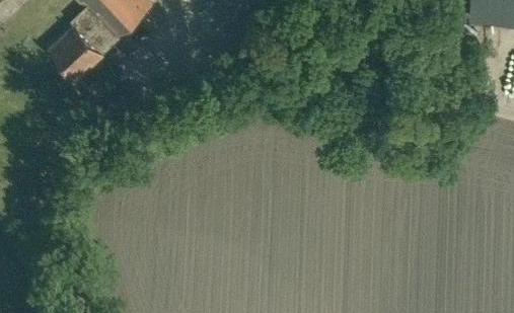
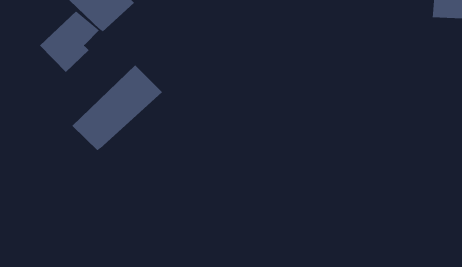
building: none -> [71,65,163,151]

